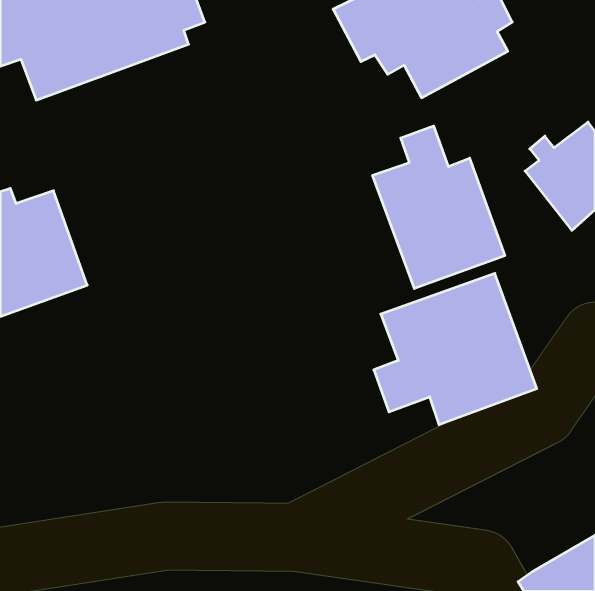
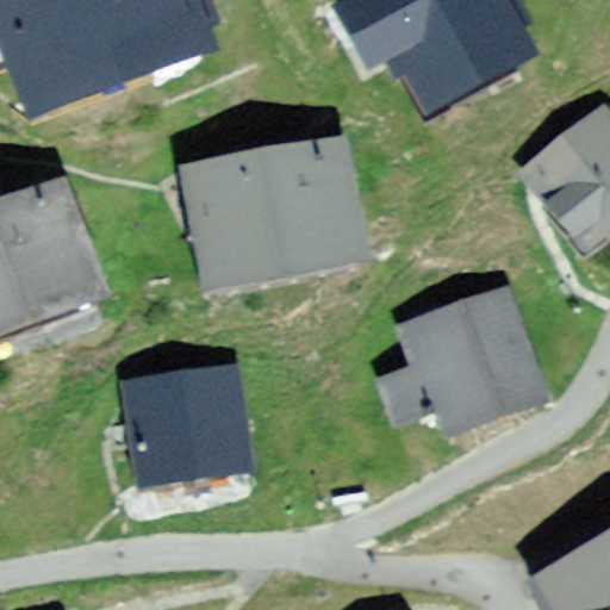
building: [373,126,505,289] -> none
building: none -> [194,151,353,281]
building: none -> [133,360,253,486]

